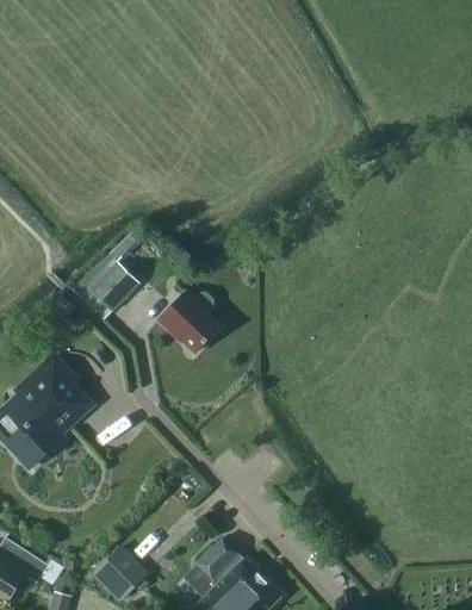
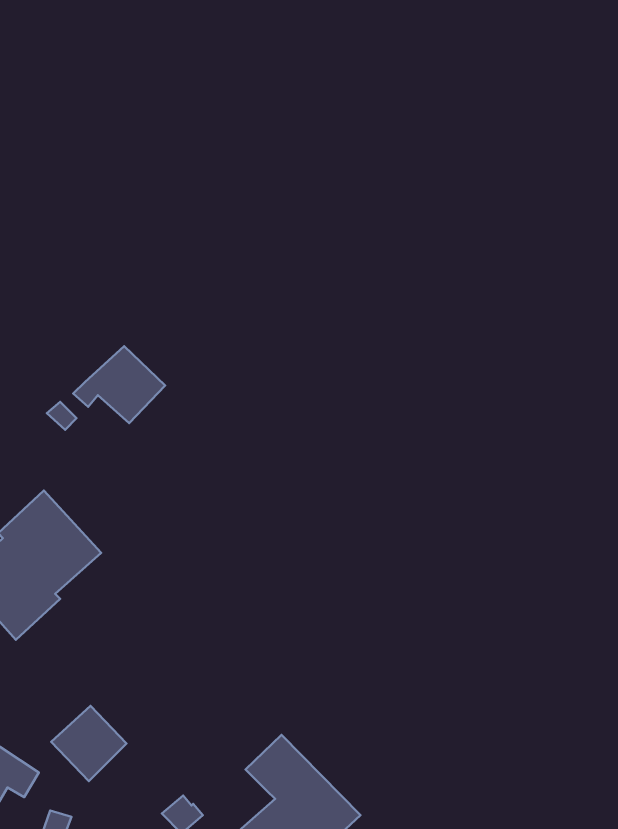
building: [157,293,219,353] -> none
building: [94,546,149,600] -> [51,706,127,781]

